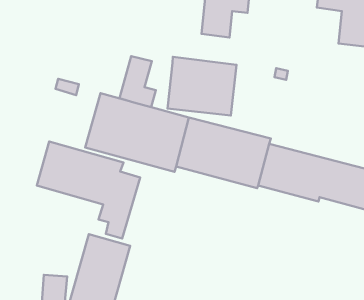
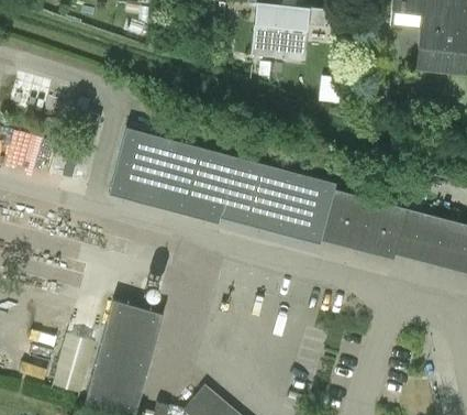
building: [120,56,156,107] -> none
building: [168,57,236,115] -> none
building: [37,141,140,239] -> none

